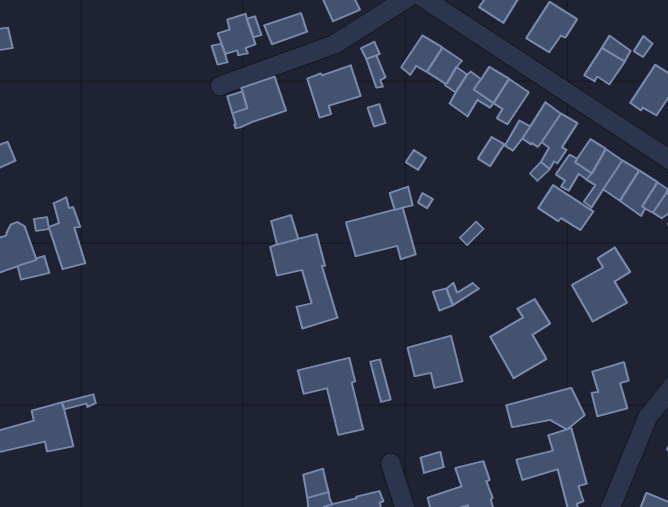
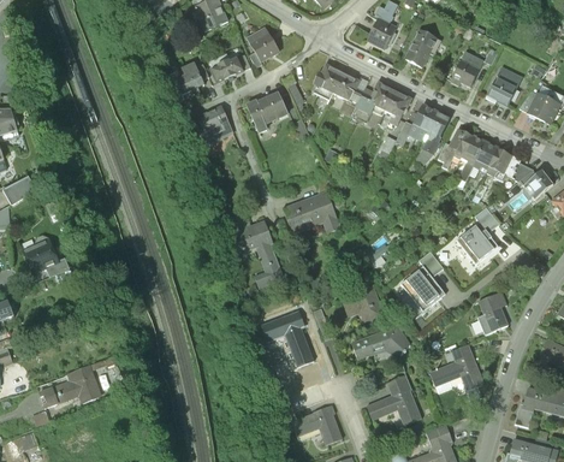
building: [538,185,594,230] -> none
building: [49,197,85,269] -> none
building: [506,388,585,430] -> [351,325,410,359]

